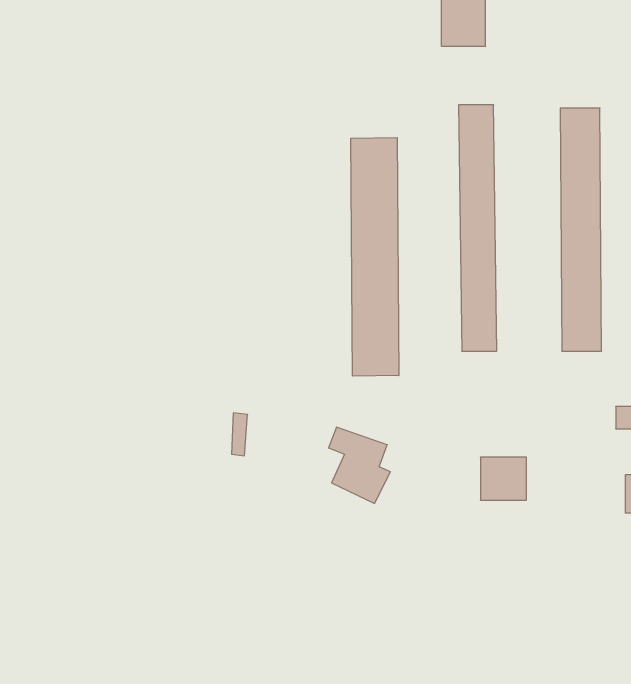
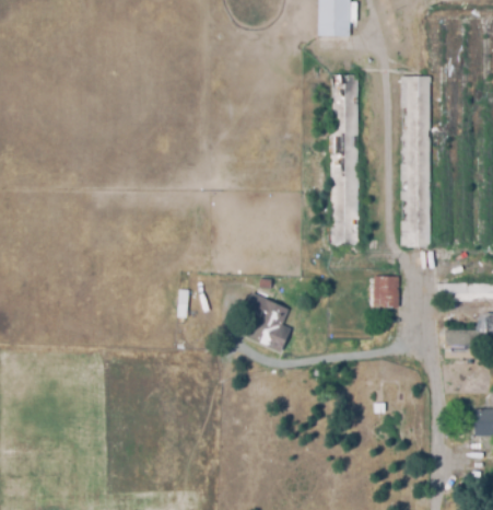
building: [351,138,399,376] -> none
building: [480,457,526,500] -> [369,277,401,306]

